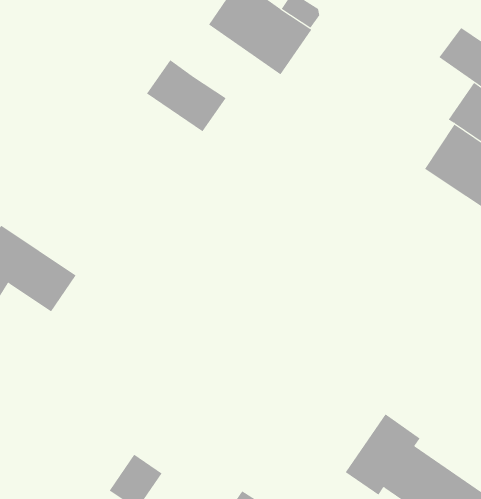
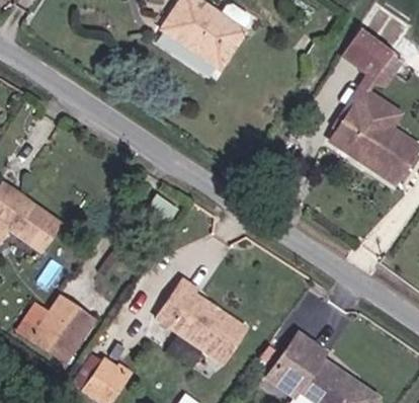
building: [146,59,226,132] -> none
building: none -> [154,280,245,364]
building: none -> [19,297,92,360]

